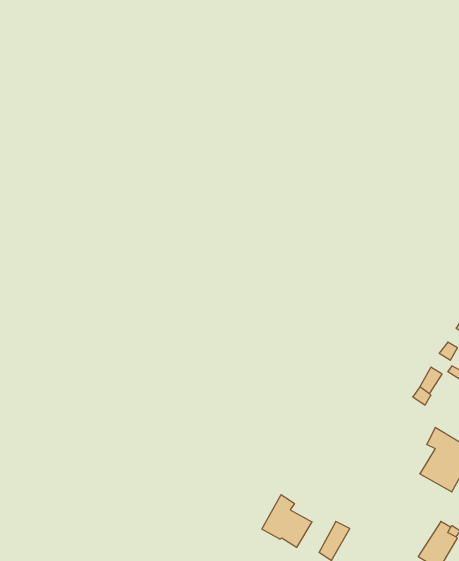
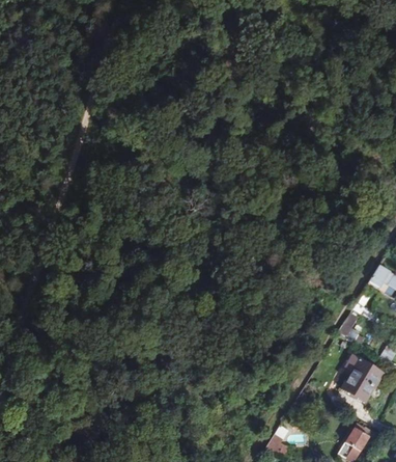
building: [262,495,312,547] -> none

